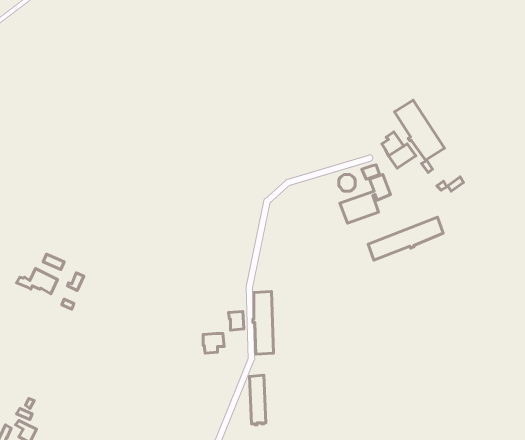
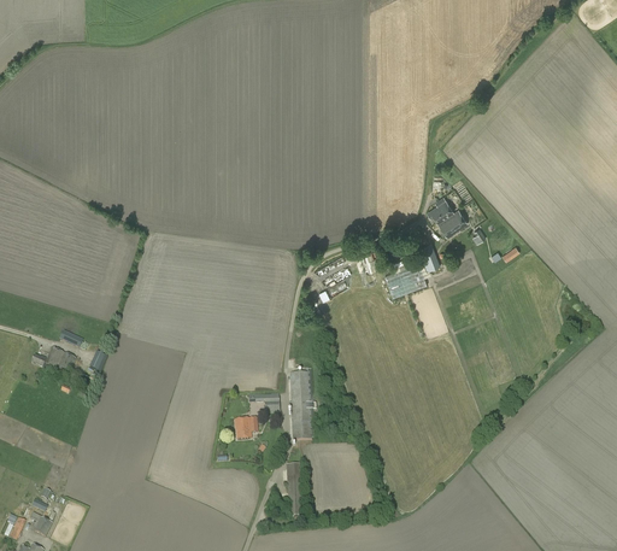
building: [394,100,444,160] -> none
building: [368,217,443,260] -> none

